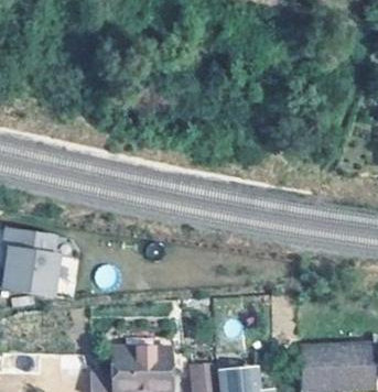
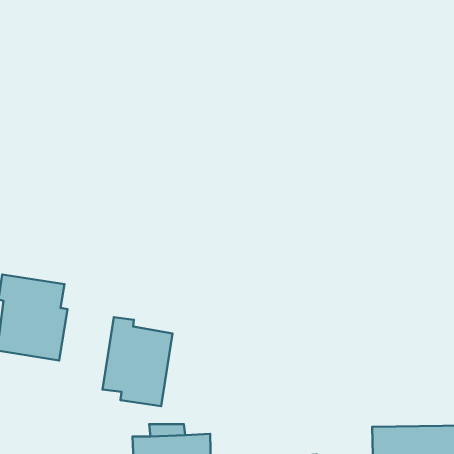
building: none -> [103,317,172,406]

